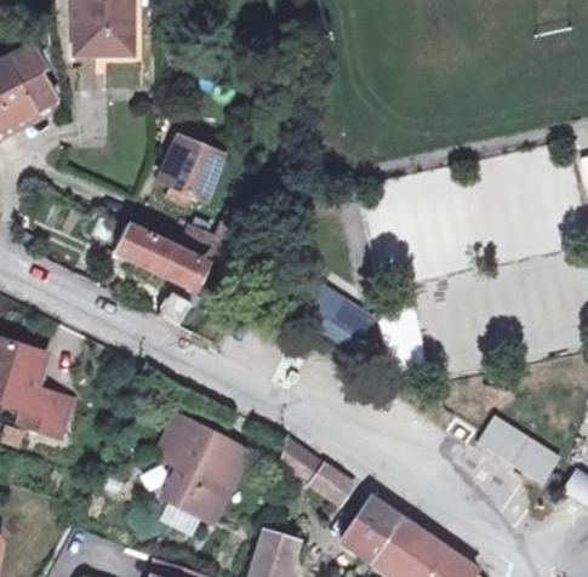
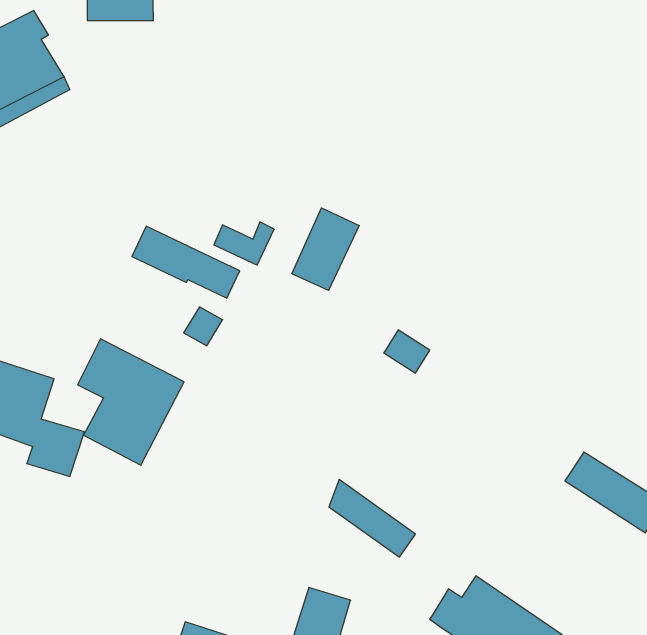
building: [159,137,222,200] -> none
building: none -> [292,208,359,290]
building: [160,416,250,522] -> [78,339,184,465]
building: [342,496,404,556] -> none

